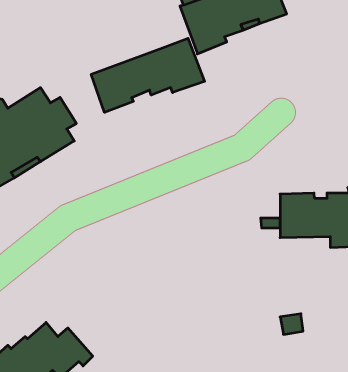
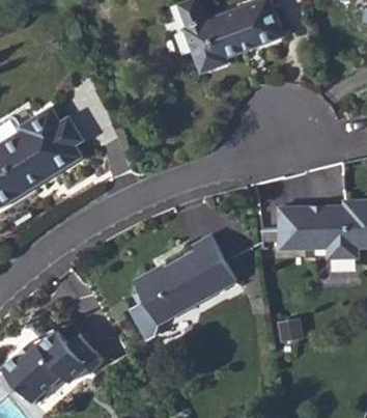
building: [91,38,205,112] -> none
building: none -> [129,235,234,339]

